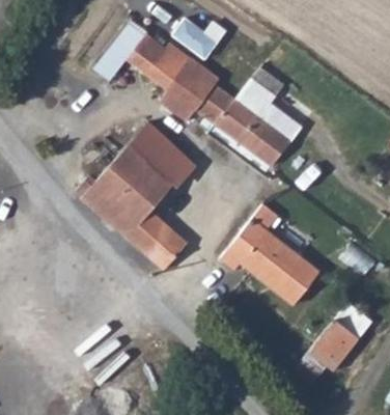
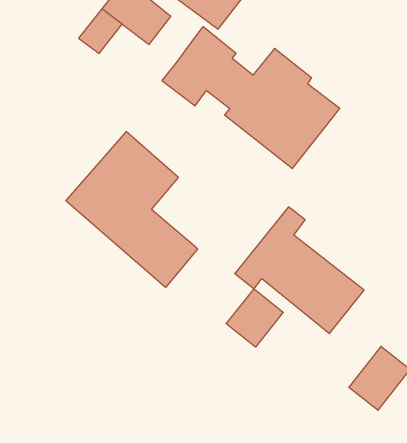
building: [149,44,193,90] -> none
building: [131,122,197,186] -> none
building: none -> [226,289,283,347]

